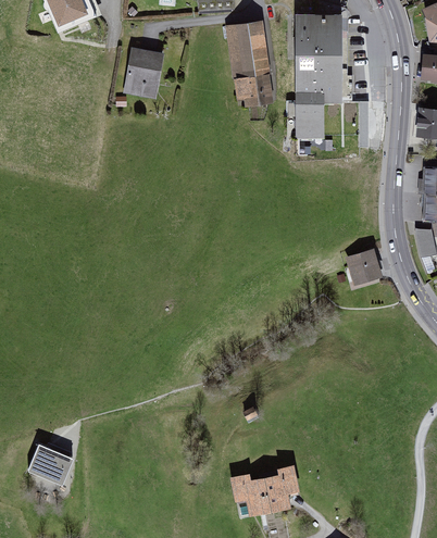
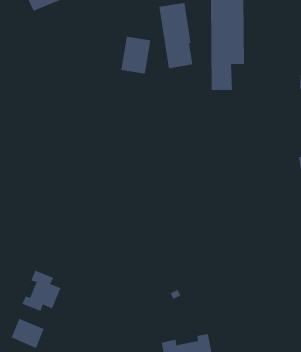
building: [123,48,164,99] -> [121,36,151,74]
building: [348,250,378,279] -> none
building: none -> [22,270,61,312]

